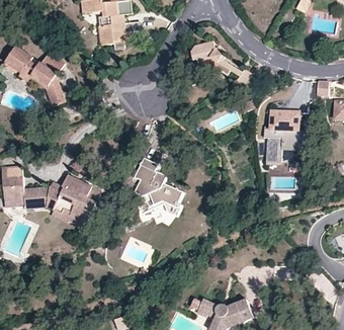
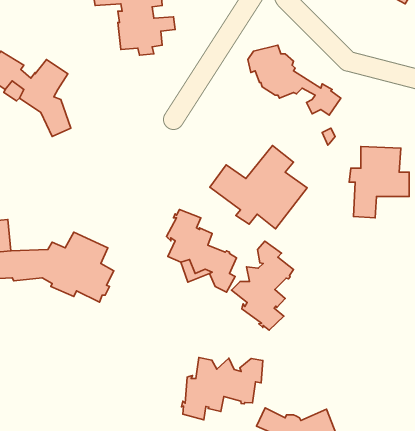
building: none -> [210,145,307,229]
building: none -> [232,241,293,330]
building: none -> [182,357,263,420]

